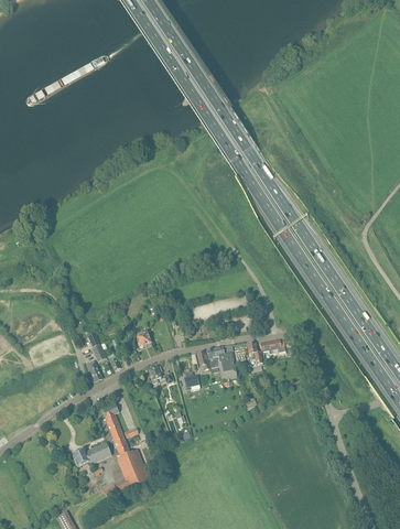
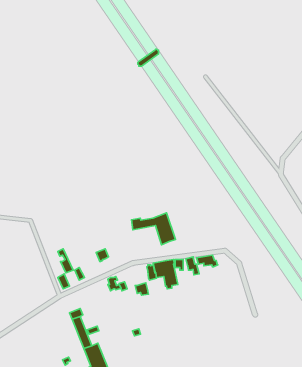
building: none -> [132,213,176,245]
building: [71,442,111,466] -> none

